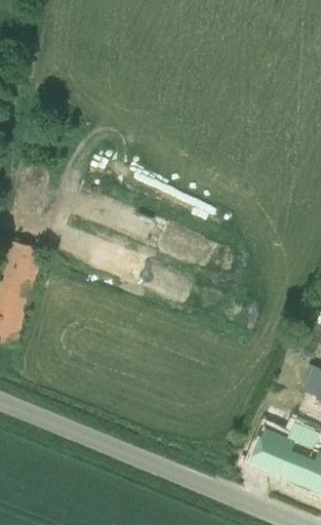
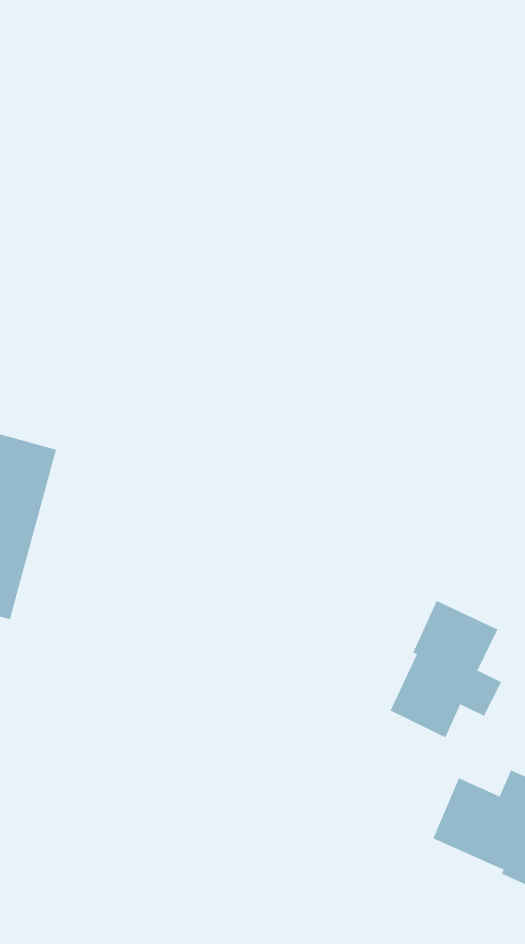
building: none -> [390,600,502,738]

